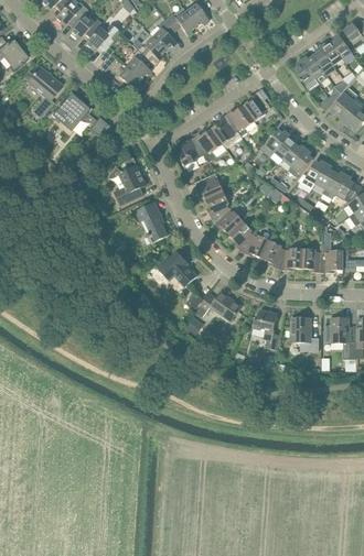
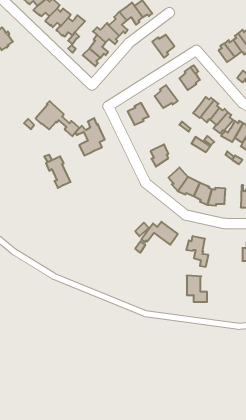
building: [28,66,63,117] -> none
building: [53,91,109,137] -> [36,101,79,136]
building: [226,105,255,134] -> [152,35,174,58]
building: [194,128,223,161] -> none
building: [195,172,224,199] -> none
building: [136,201,168,242] -> [46,156,71,188]
building: [213,207,246,233] -> none
building: [302,243,324,272] -> none
building: [157,250,197,286] -> none
building: [292,316,319,350] -> [187,276,207,302]

